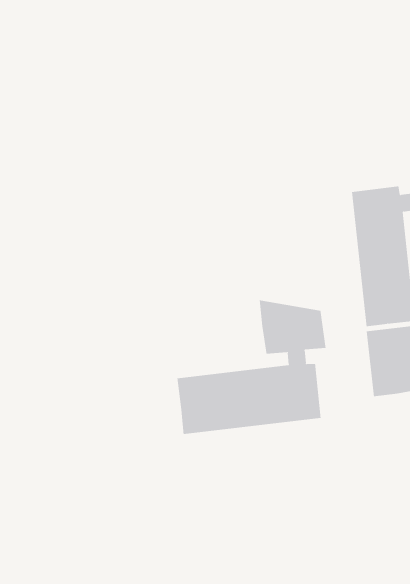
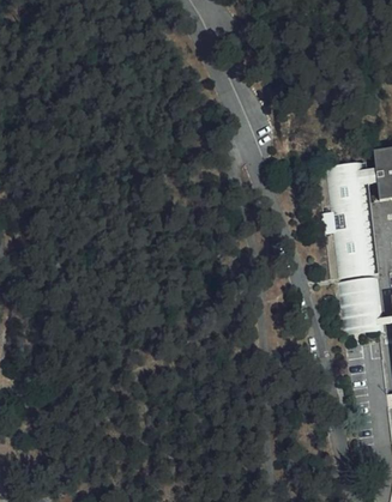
building: [177,299,326,435] -> none

